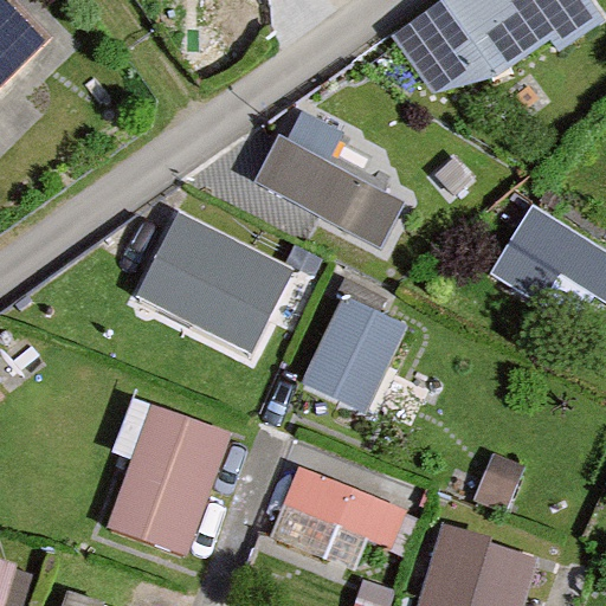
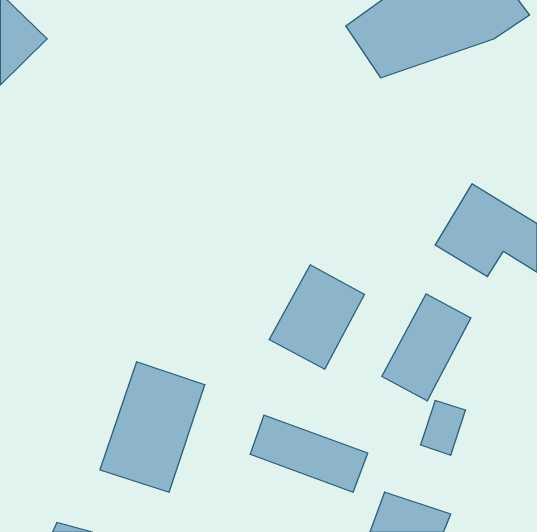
building: [254,138,404,249] -> none
building: [129,212,283,341] -> none
building: none -> [382,294,471,401]

